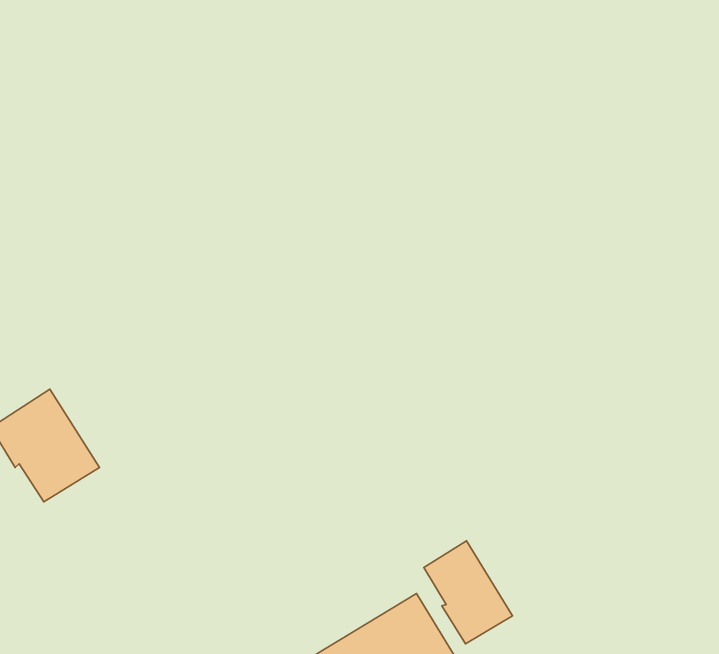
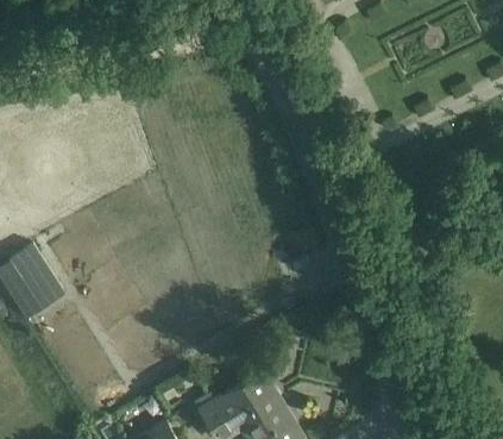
building: [424,541,512,644] -> none

